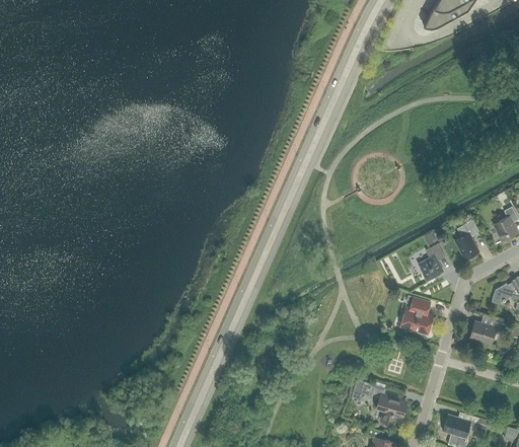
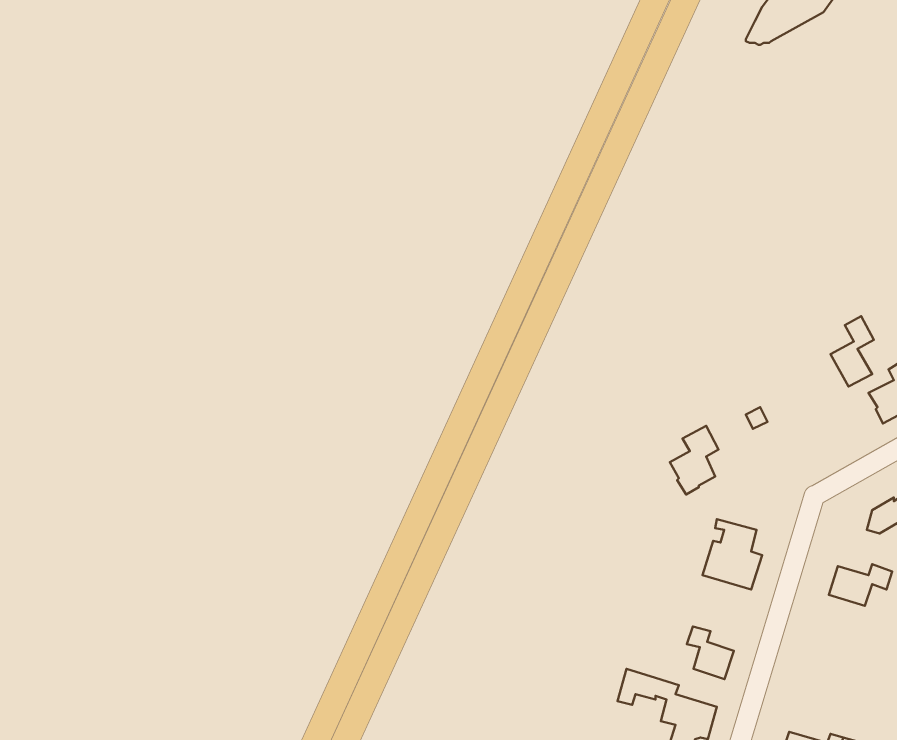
building: [455,219,479,258] -> [831,316,874,387]
building: [418,243,445,282] -> [670,426,719,495]
building: none -> [687,626,734,679]

